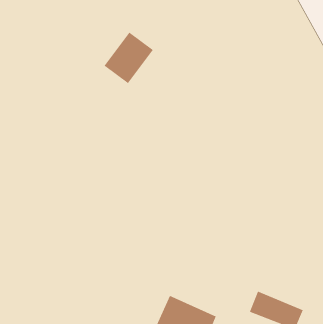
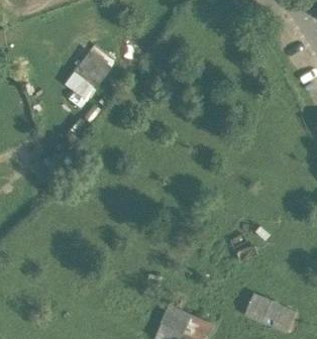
building: [104,32,154,84] -> [64,51,111,101]

